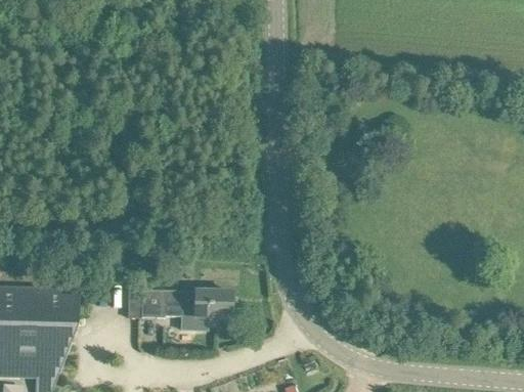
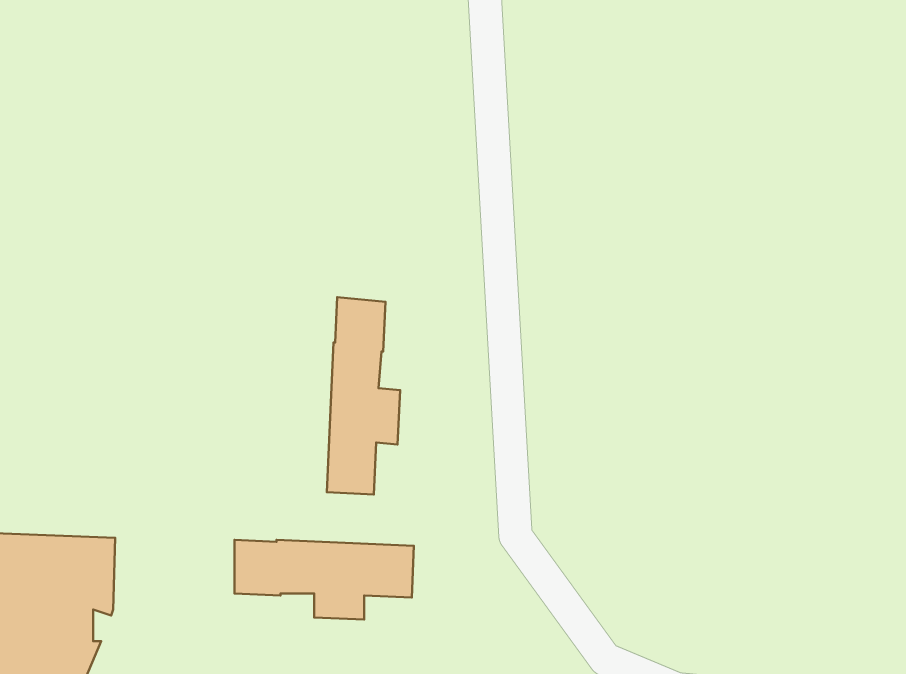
building: none -> [327,297,400,494]

